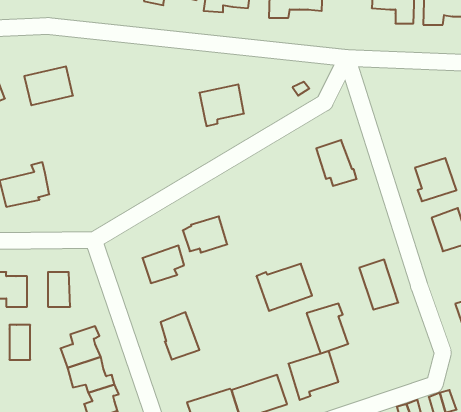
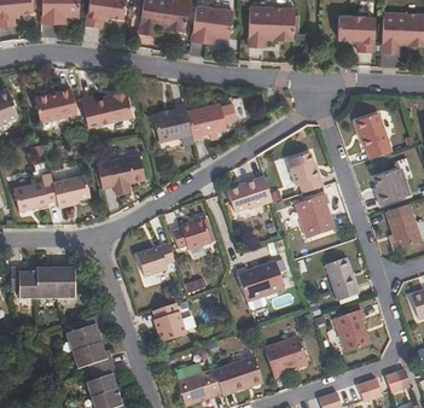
building: none -> [81,92,134,127]
building: none -> [153,103,192,141]
building: none -> [355,112,393,159]
building: none -> [97,153,146,191]
building: none -> [53,173,91,208]
building: none -> [228,177,273,211]
building: none -> [295,192,335,238]
building: [307,304,348,354] -> [335,309,371,352]
building: [9,325,30,360] -> [37,267,56,297]

